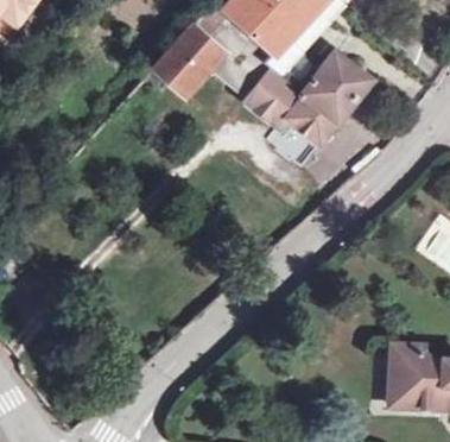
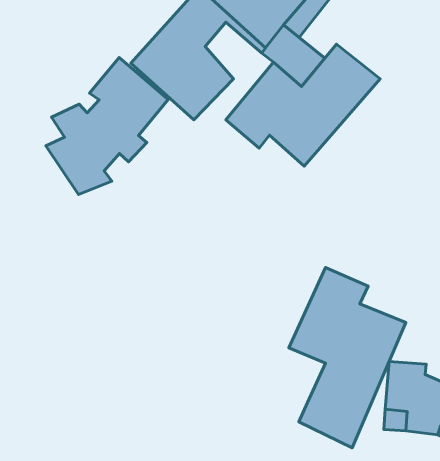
building: none -> [46,58,168,194]
building: none -> [289,267,406,448]

